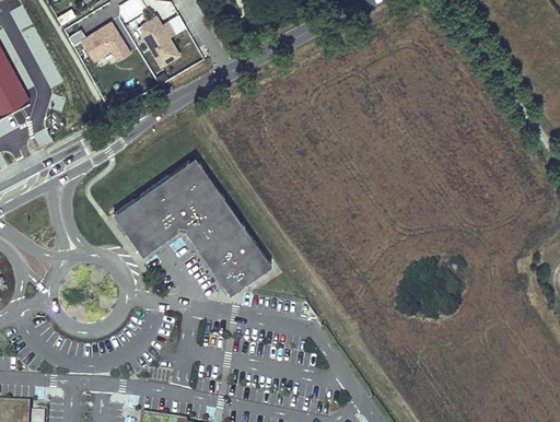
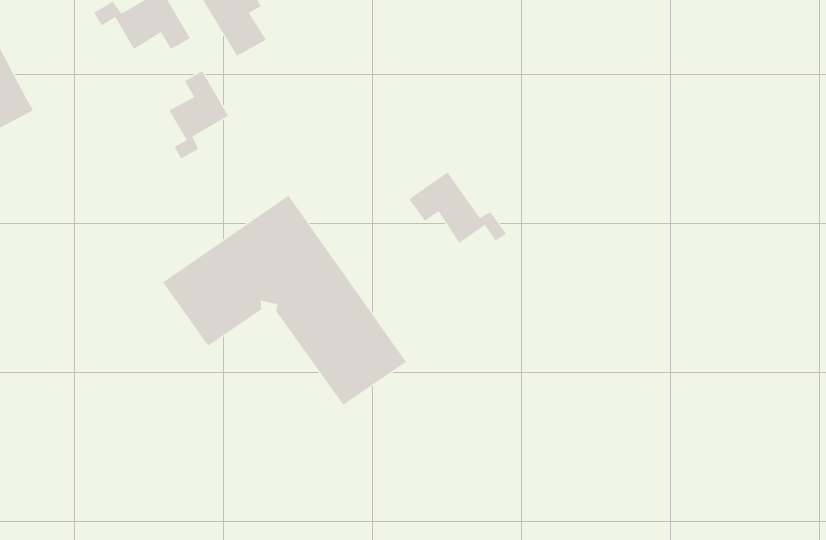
building: none -> [169,70,229,160]
building: none -> [409,171,507,244]

